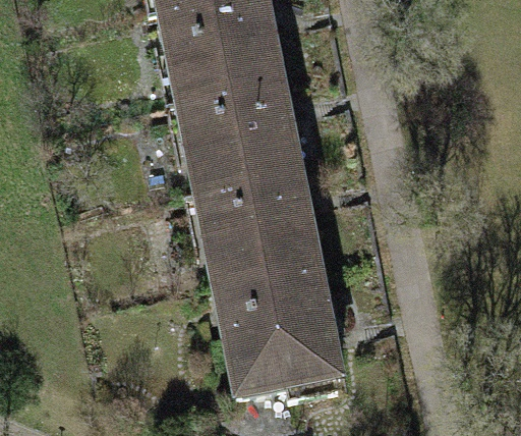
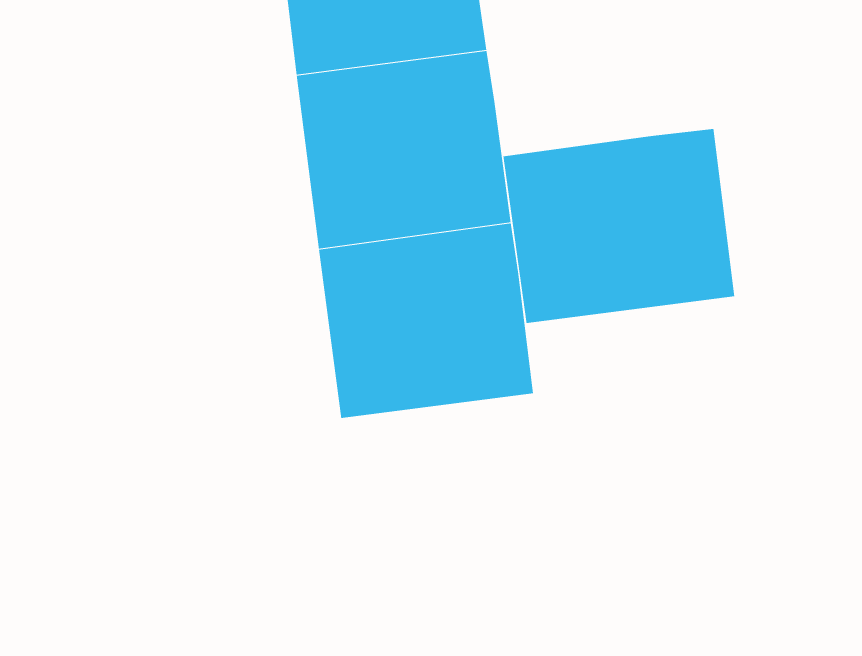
building: none -> [503,128,735,324]
building: [215,263,340,395] -> none

